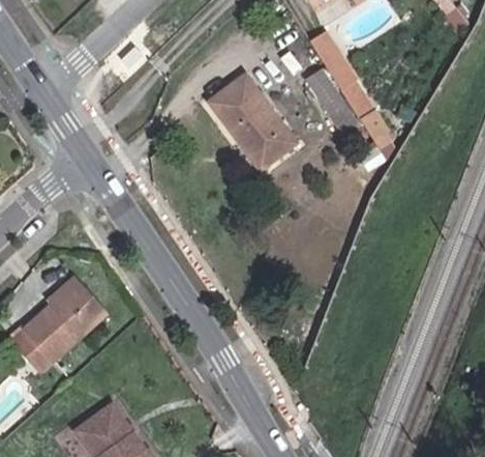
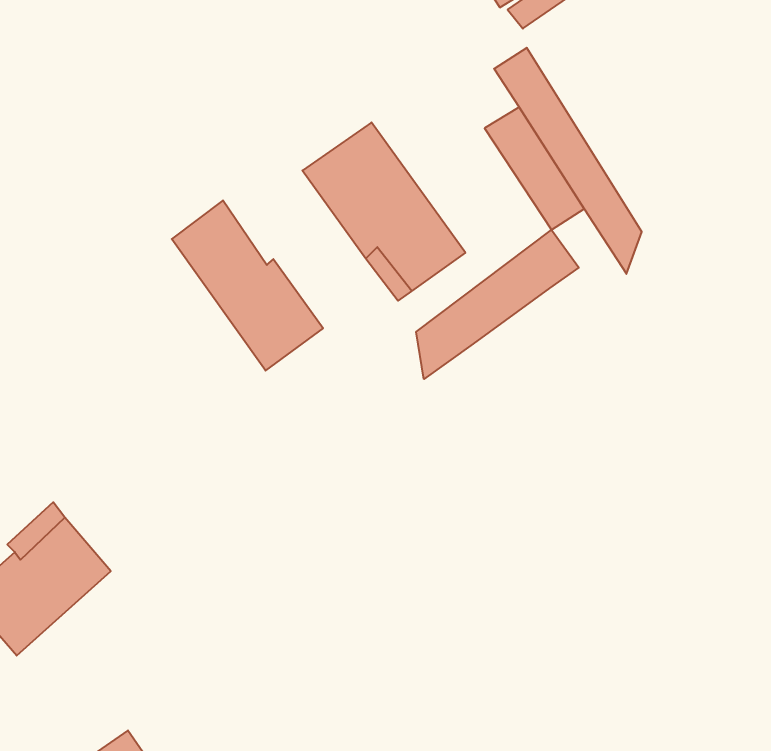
building: none -> [172,200,323,371]
building: none -> [416,230,579,379]

